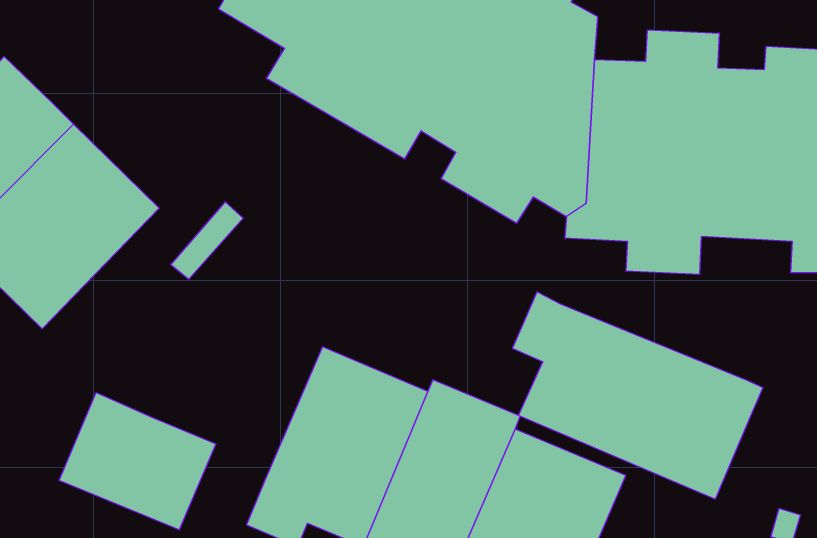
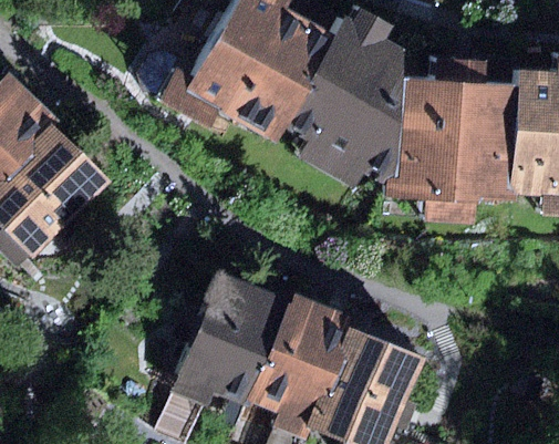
building: [513,292,763,499] -> none
building: [59,393,216,530] -> none

